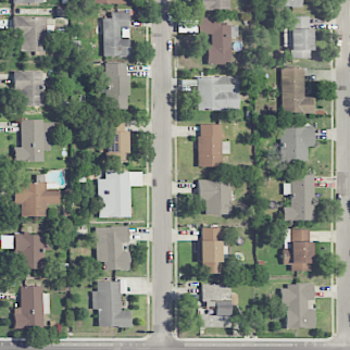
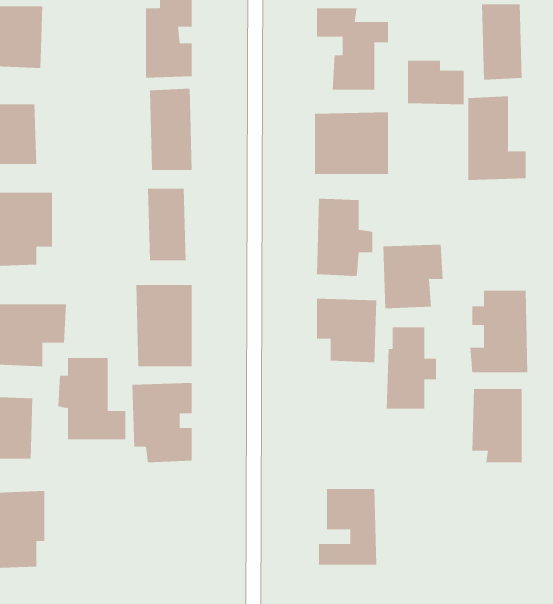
building: none -> [408,60,464,105]
building: [282,125,315,161] -> [383,244,444,309]
building: [200,227,228,273] -> [386,327,437,409]
building: [92,280,130,326] -> [57,357,126,440]
building: [285,284,315,327] -> none

